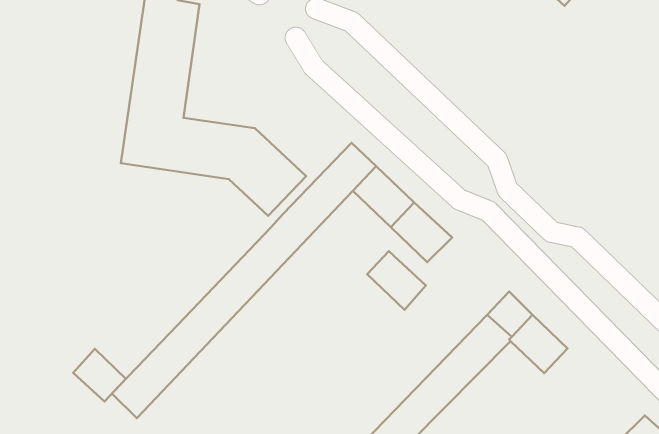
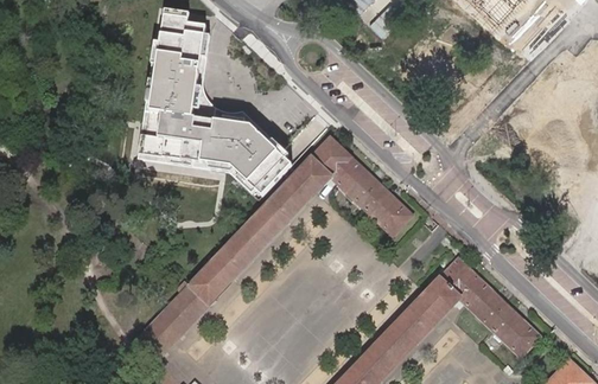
building: [367,251,426,310] -> none
building: none -> [485,303,539,356]
building: [73,349,126,402] -> none

